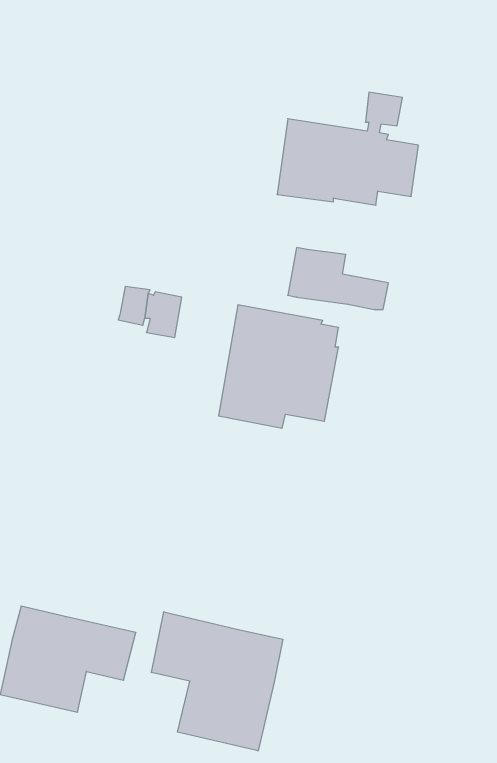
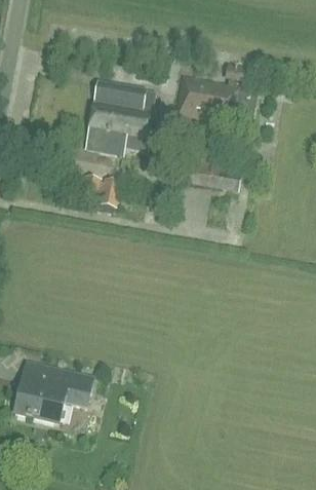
building: [219,305,339,428] -> [86,80,156,152]
building: [151,612,283,751] -> none

